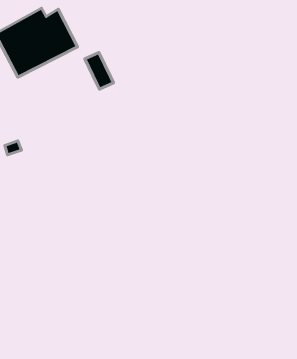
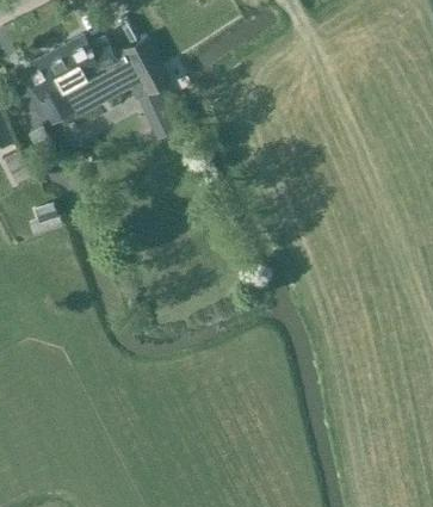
building: none -> [123,38,171,97]

